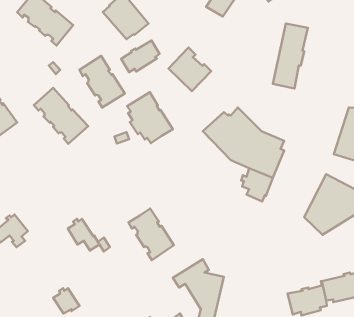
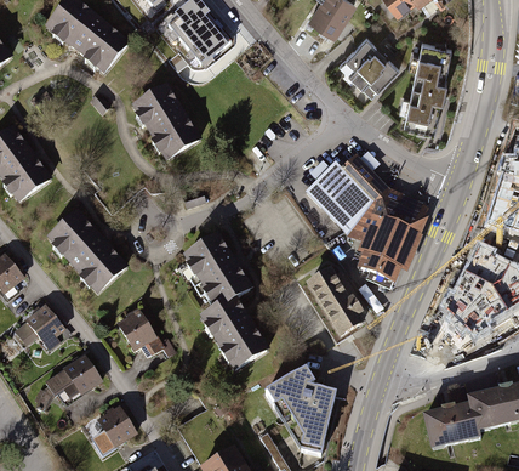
building: [121,40,160,72] -> none
building: [168,47,211,91] -> [338,34,398,95]
building: [34,88,88,144] -> [50,211,125,289]
building: [127,92,173,143] -> [186,236,249,306]
building: none -> [308,269,361,334]
building: none -> [46,354,101,403]

